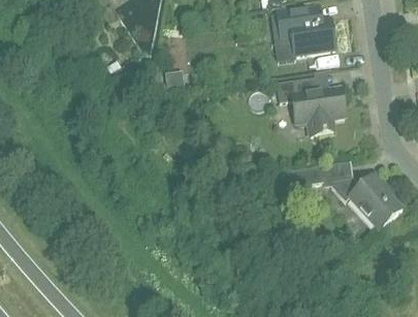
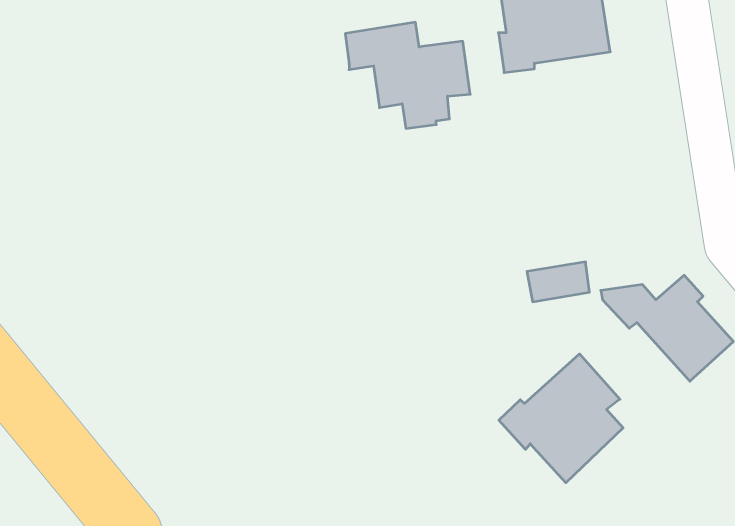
building: [277,74,345,132] -> [345,22,470,128]
building: none -> [499,354,623,483]

